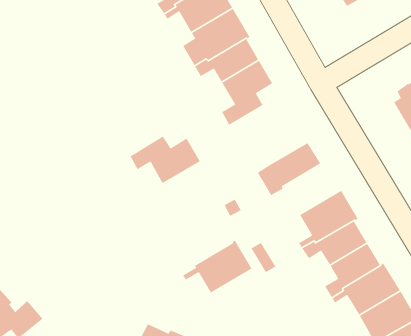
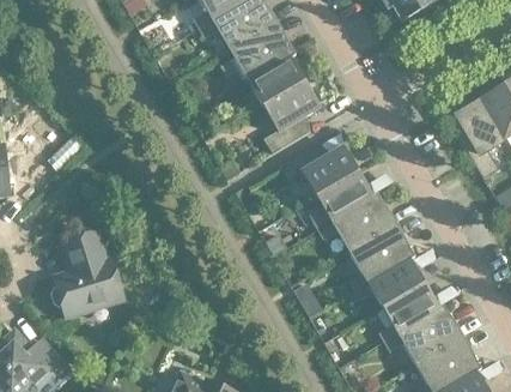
building: [130,135,201,184] -> [280,141,359,195]
building: none -> [51,229,124,315]
building: [182,239,253,294] -> [318,191,396,251]

